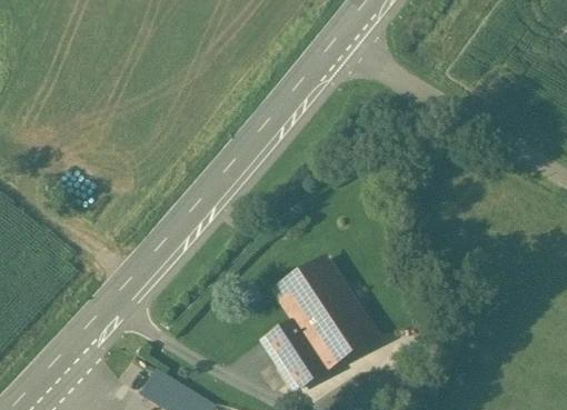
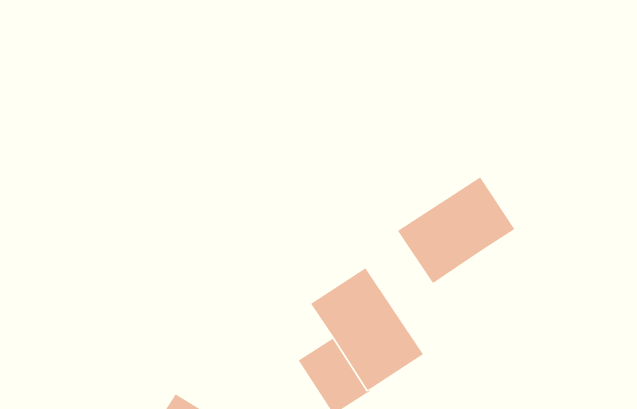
building: none -> [397,177,515,284]

